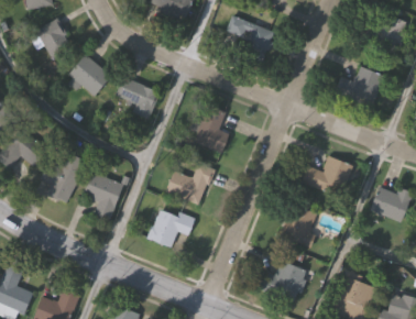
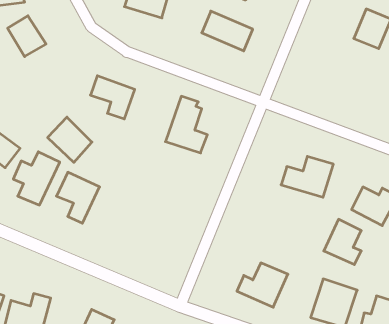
building: [68,54,111,98] -> [48,117,92,162]
building: [335,67,383,107] -> none
building: [165,162,215,206] -> none
building: [281,204,317,248] -> [324,219,361,265]
building: [146,206,195,248] -> none

